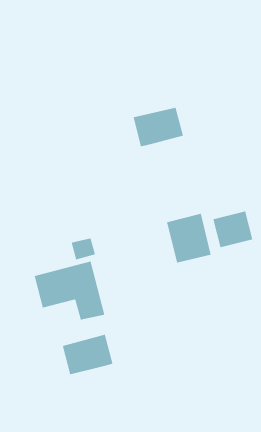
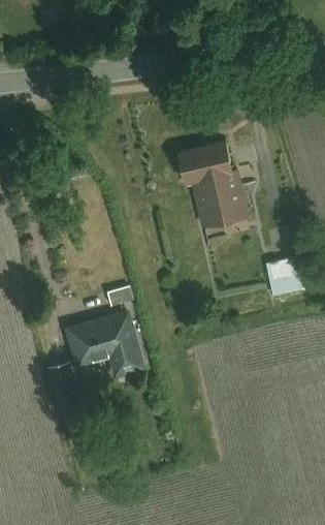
building: [166,213,212,263] -> [194,173,245,228]
building: [62,334,113,375] -> none

